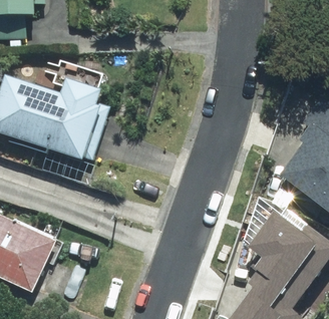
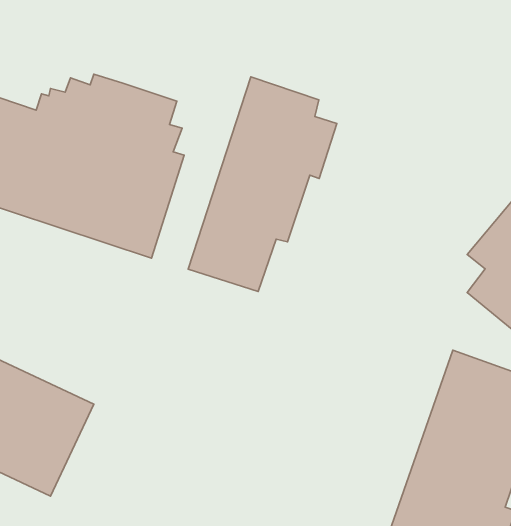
building: none -> [188,77,337,292]

